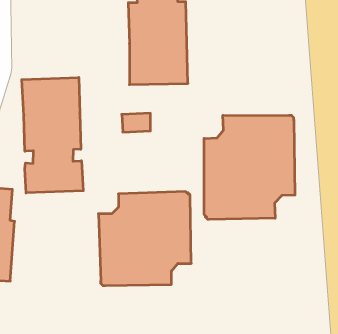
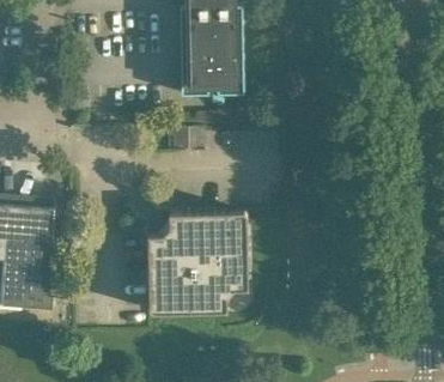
building: [22,77,83,193] -> none
building: [204,115,295,219] -> none

